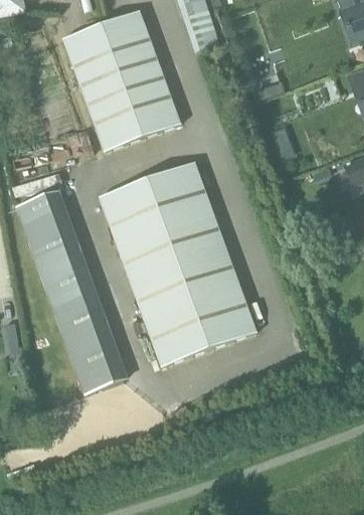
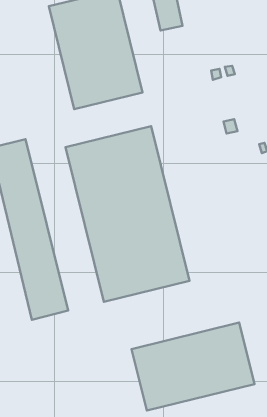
building: none -> [132,323,254,411]

